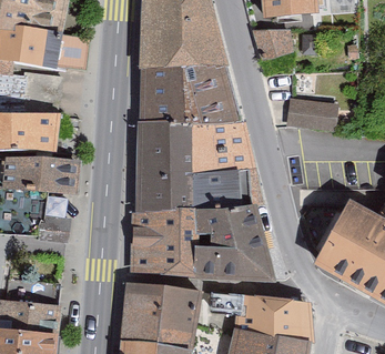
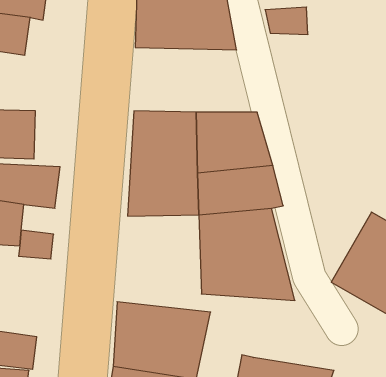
building: [140,62,245,118] -> none
building: [285,97,336,130] -> none
building: [133,205,197,273] -> none
building: [242,290,312,338] -> none

